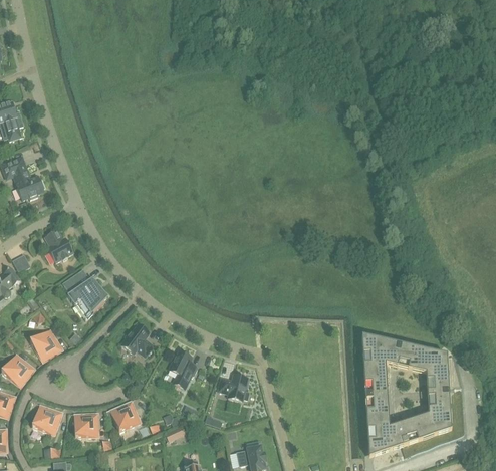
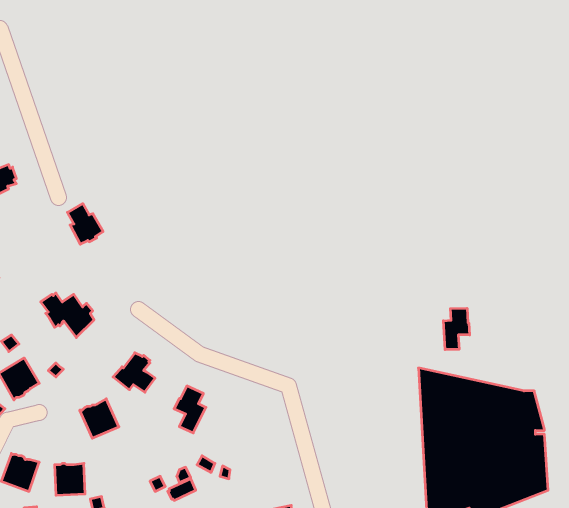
building: [45,230,73,262] -> [67,204,103,244]
building: none -> [443,308,470,350]
building: [218,373,249,402] -> none
building: [109,401,141,432] -> [80,399,119,438]

